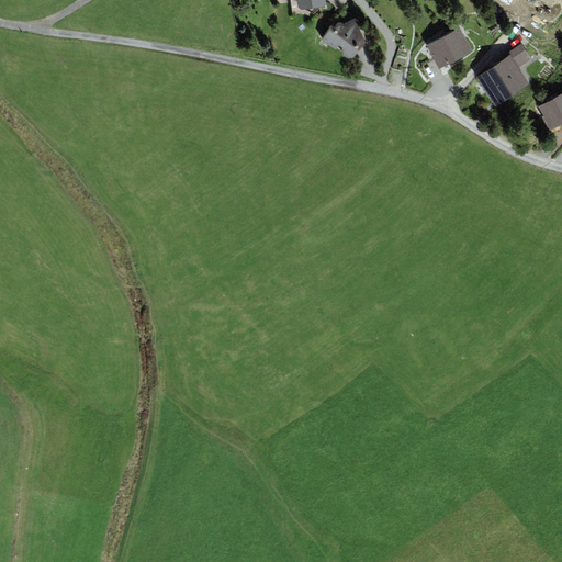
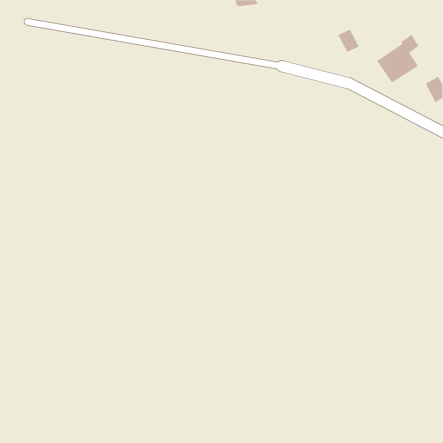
building: [323,20,364,57] -> none
building: [443,27,472,59] -> none

